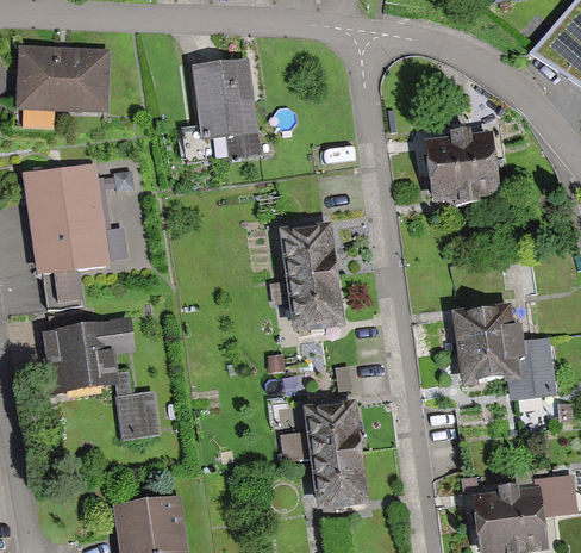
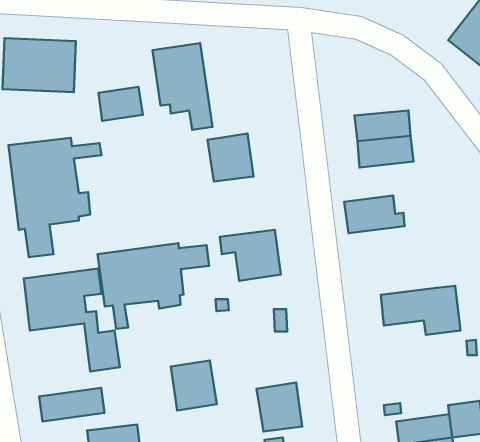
building: none -> [99,87,143,121]
building: [281,223,335,279] -> [208,134,254,182]
building: none -> [97,243,209,329]
building: [454,305,524,349] -> [344,196,404,233]
building: [306,400,360,459] -> [171,360,217,410]
building: none -> [39,388,105,421]

